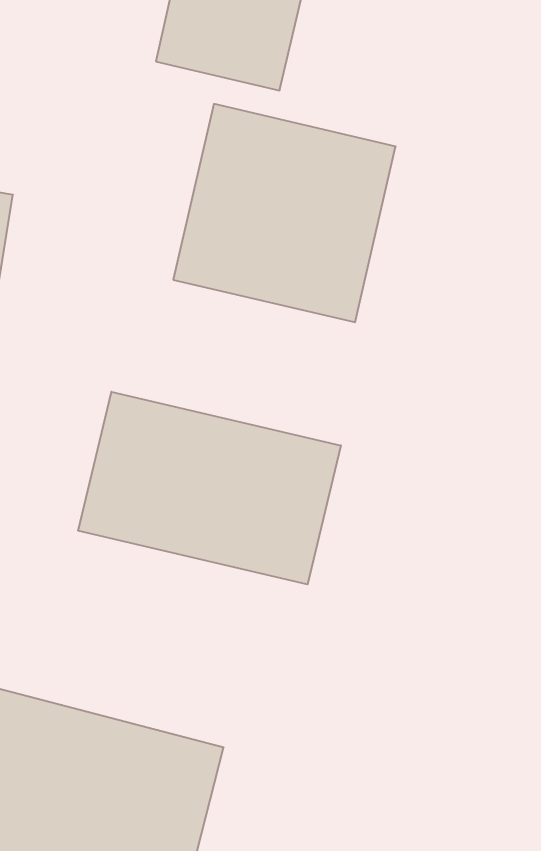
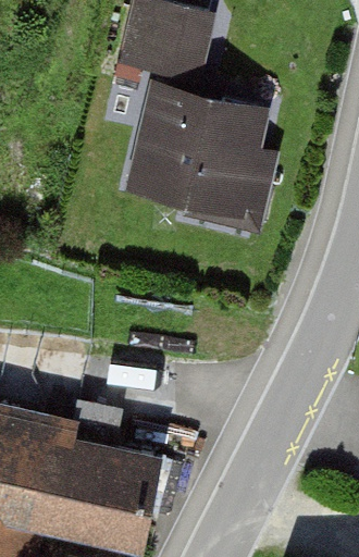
building: [78,392,341,584] -> none

